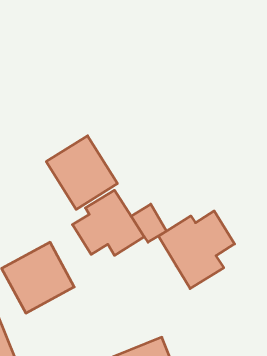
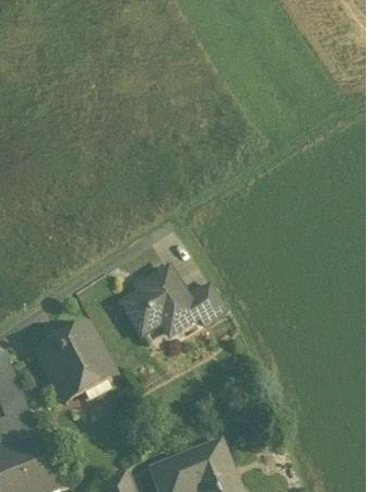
building: [46,136,117,209] -> none
building: [158,211,235,289] -> none

